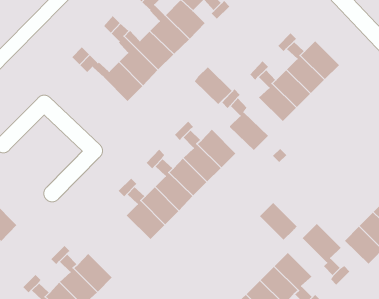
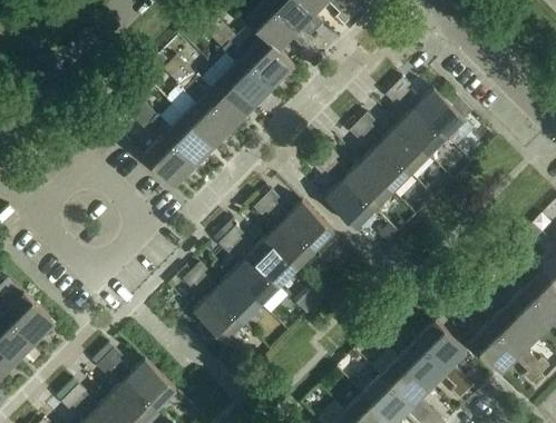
building: [194,66,232,105] -> [342,163,391,212]
building: none -> [142,137,194,189]
building: [259,202,298,241] -> [398,342,447,391]

